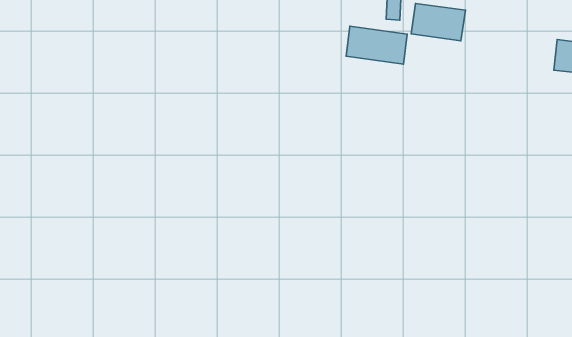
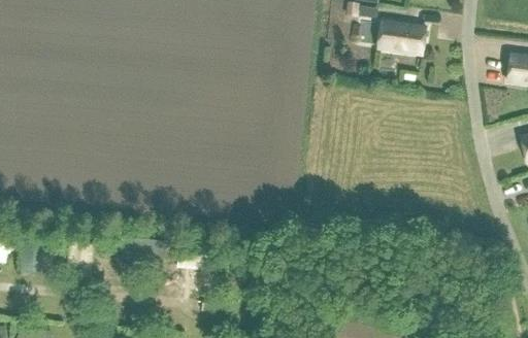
building: [346,26,407,64] -> none

